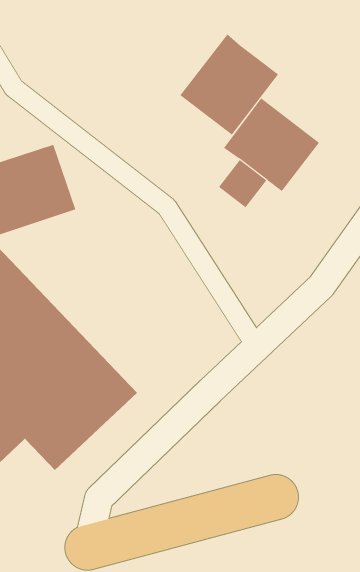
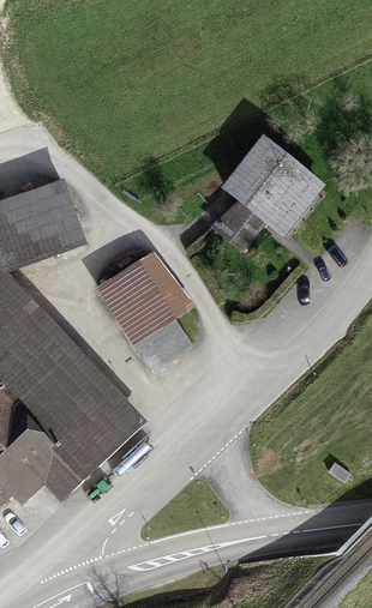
building: [180,34,279,136] -> none
building: none -> [100,249,186,361]

